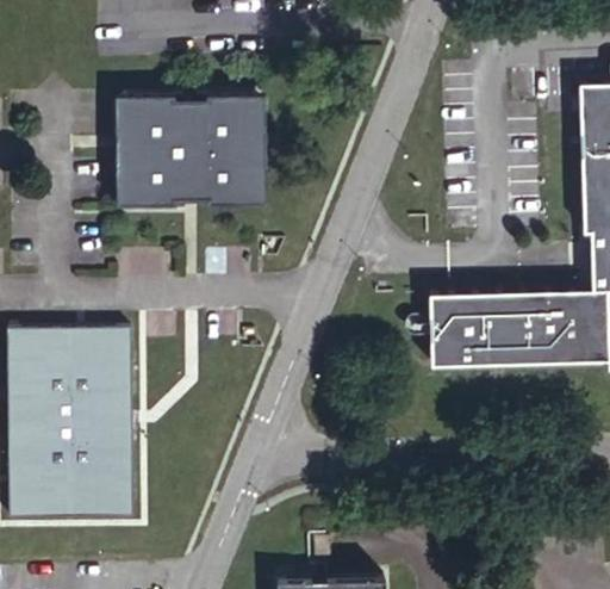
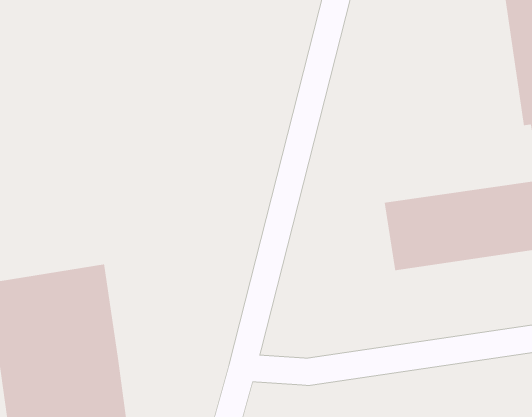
building: [117,86,269,203] -> none

